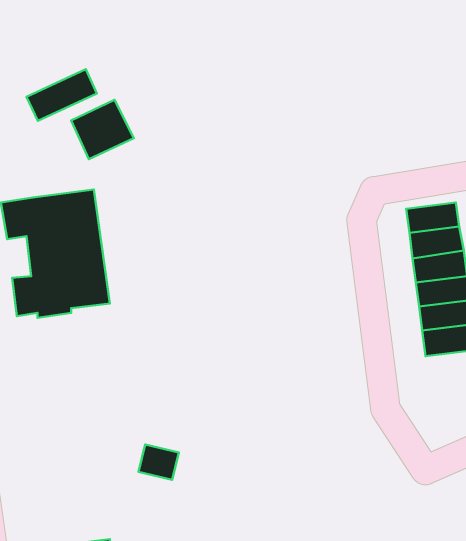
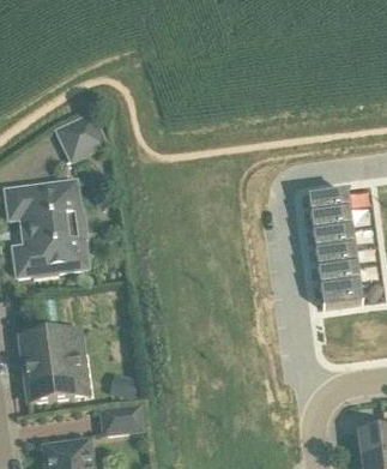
building: [27,69,97,121] -> none
building: none -> [22,327,87,402]
building: none -> [102,407,143,433]

